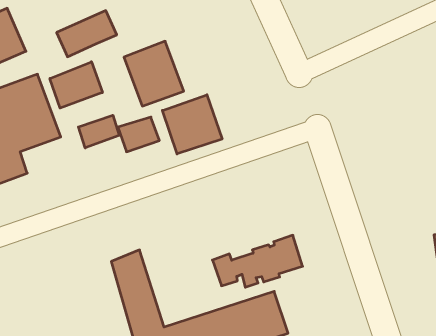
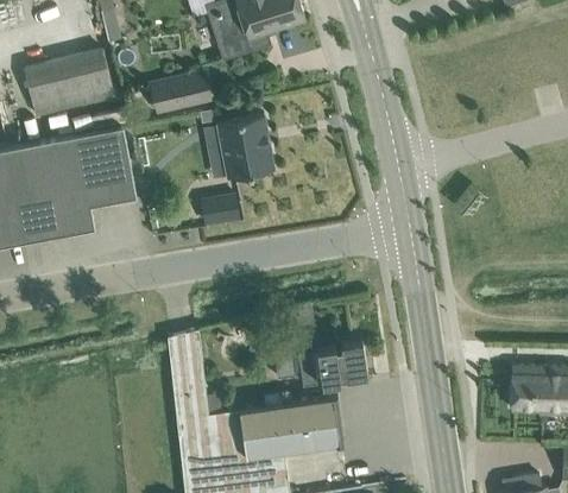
building: [50,62,102,108] -> none
building: [162,95,222,154] -> none
building: [78,115,119,148] -> none

